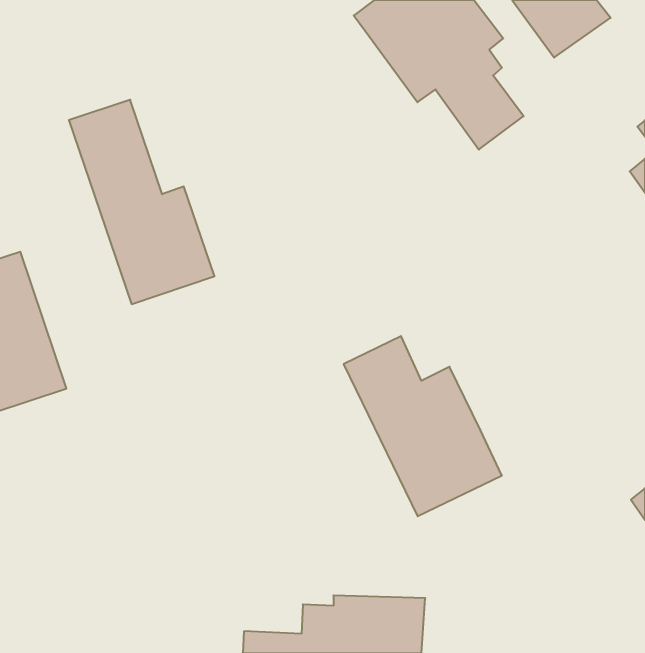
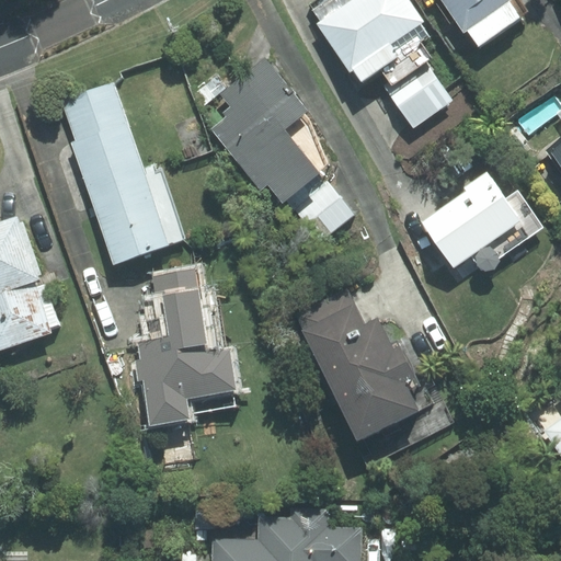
building: none -> [209,58,357,244]
building: none -> [420,174,535,268]
building: none -> [128,270,238,427]

